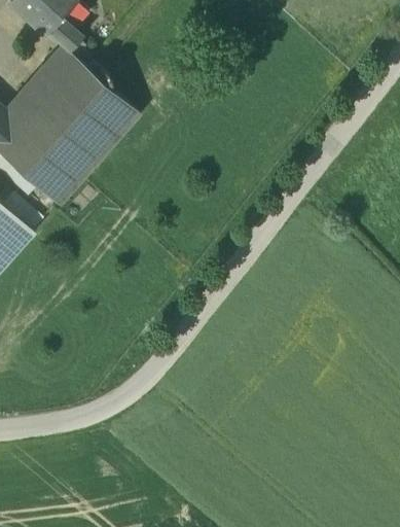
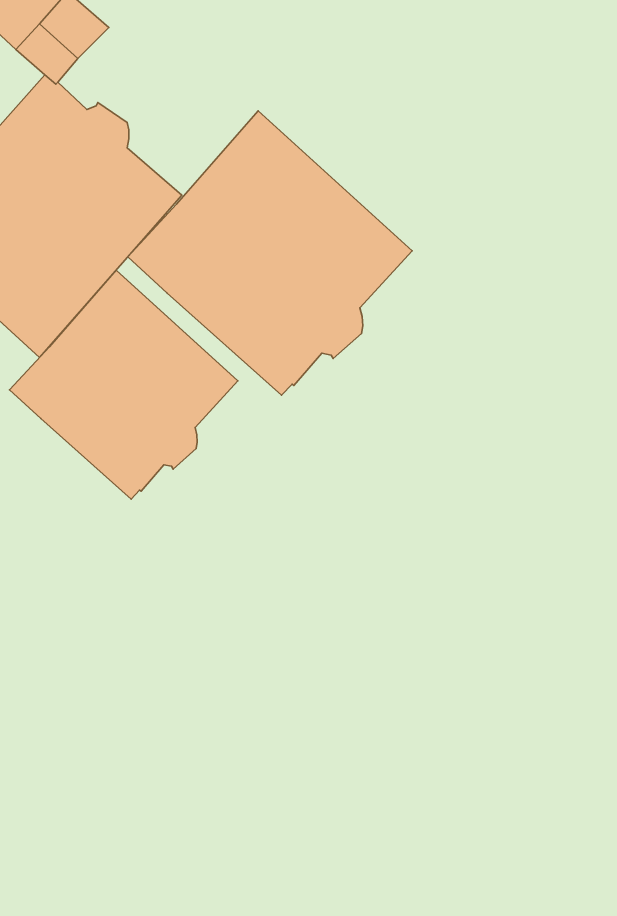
building: none -> [128,111,412,395]
building: none -> [10,270,238,499]

